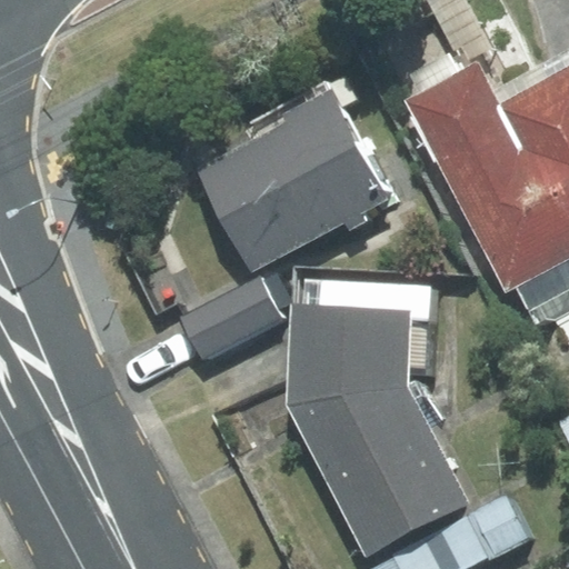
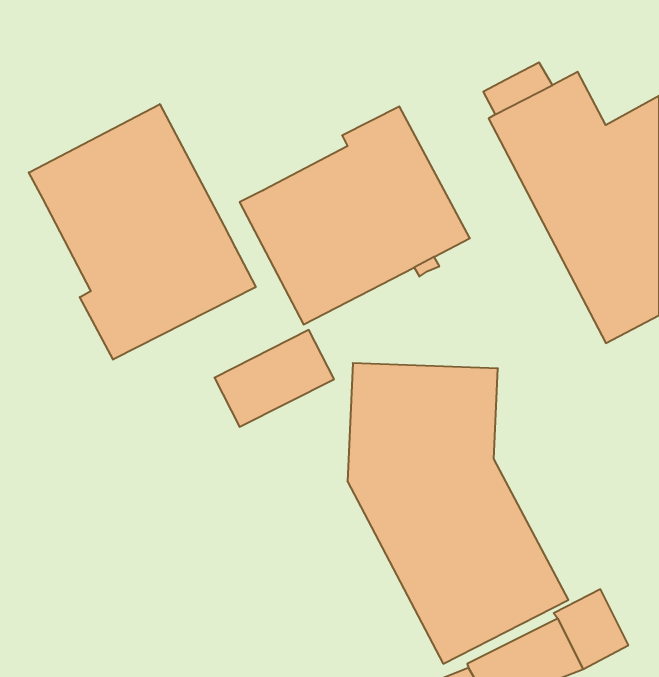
building: none -> [29,104,256,360]

